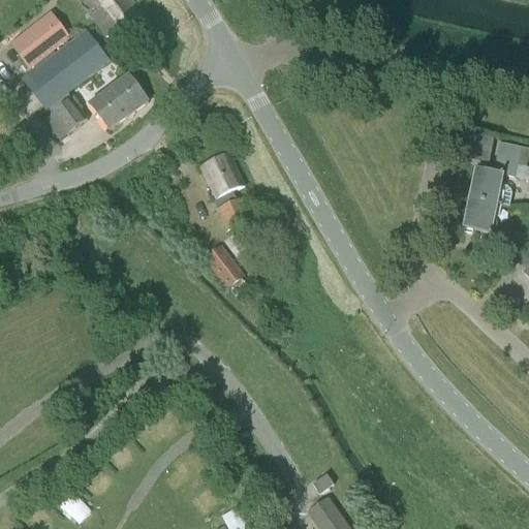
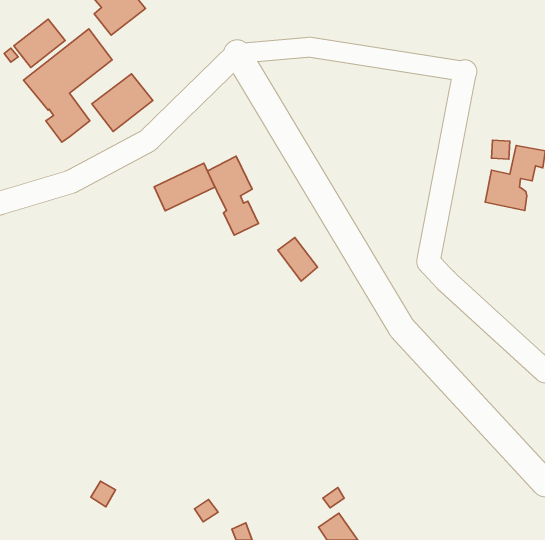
building: none -> [154,163,215,211]
building: [463,195,503,247] -> none
building: [205,244,243,286] -> [278,237,317,281]

